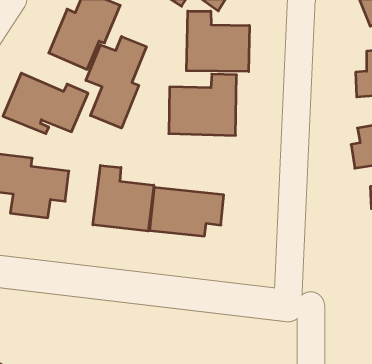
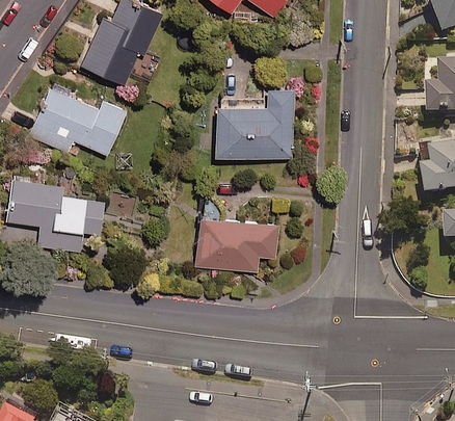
building: [186,11,249,72] -> none
building: [86,36,146,128] -> none
building: [93,165,154,231] -> none

